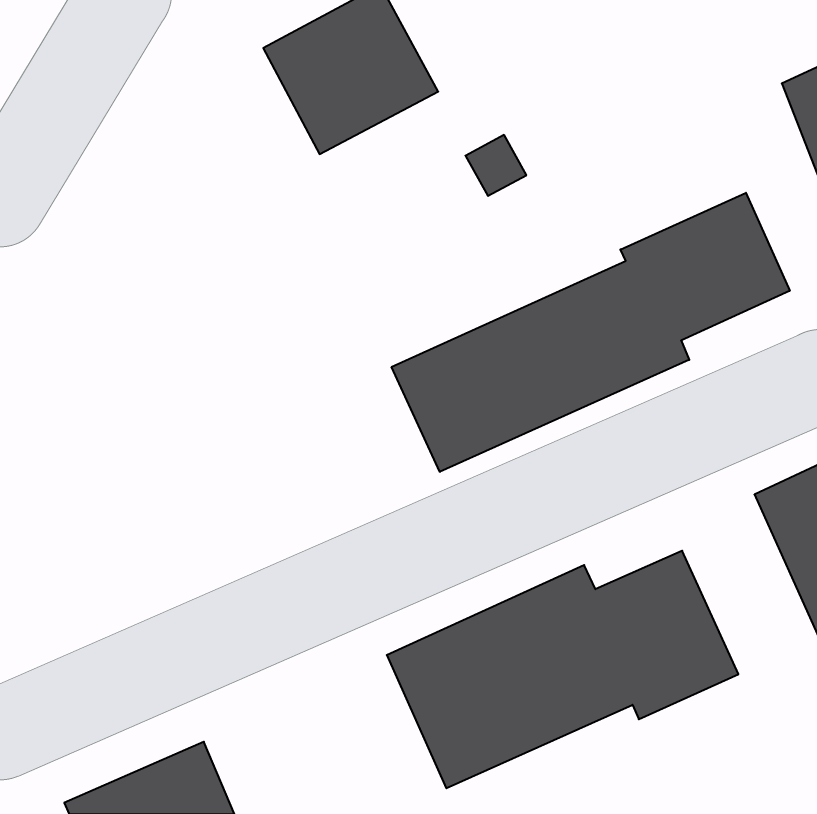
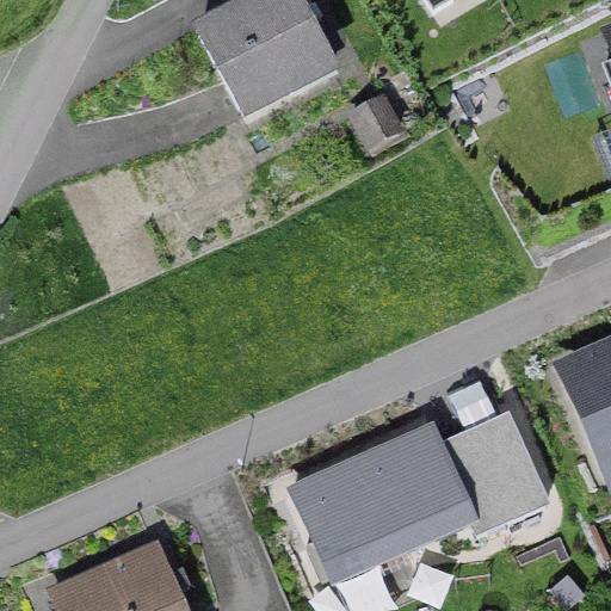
building: [392,193,790,472] -> none

